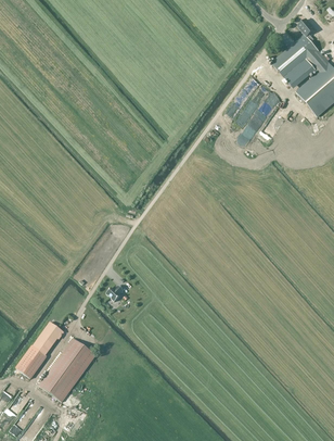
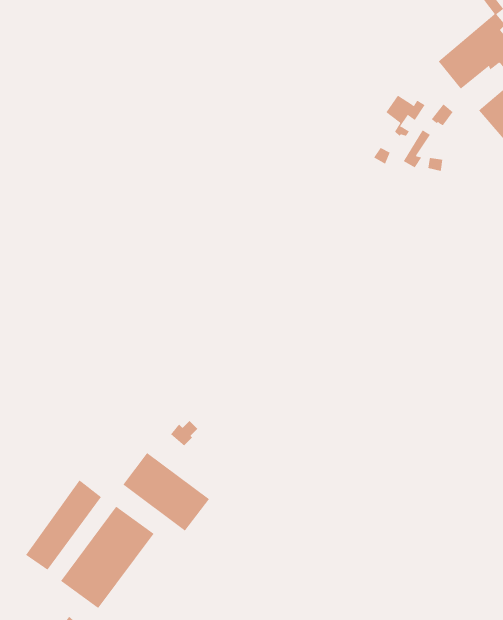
building: none -> [122,452,210,531]

